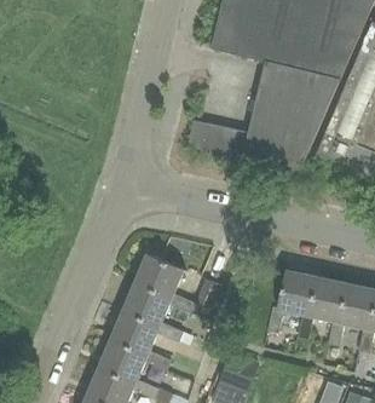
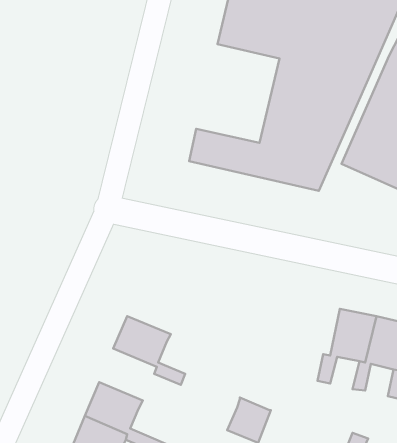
building: [134,253,219,313] -> none
building: [267,269,317,334] -> none
building: [110,310,172,372] -> none

